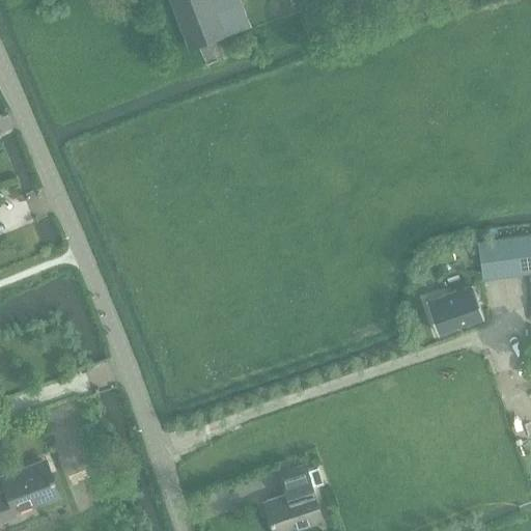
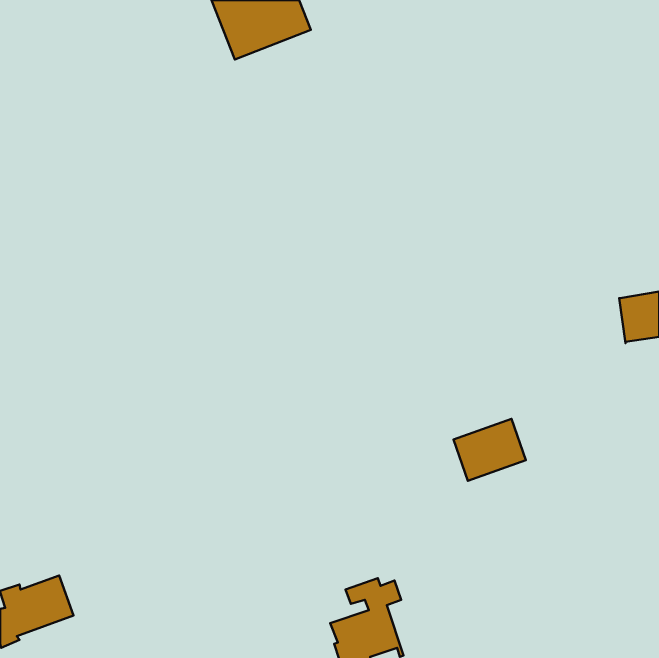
building: [477,241,503,279] -> none
building: [425,284,483,334] -> [454,419,526,481]

